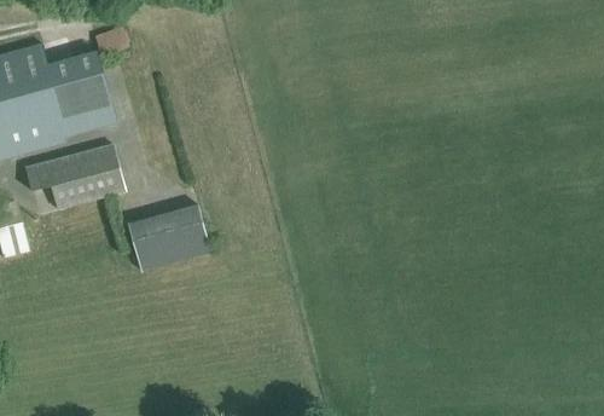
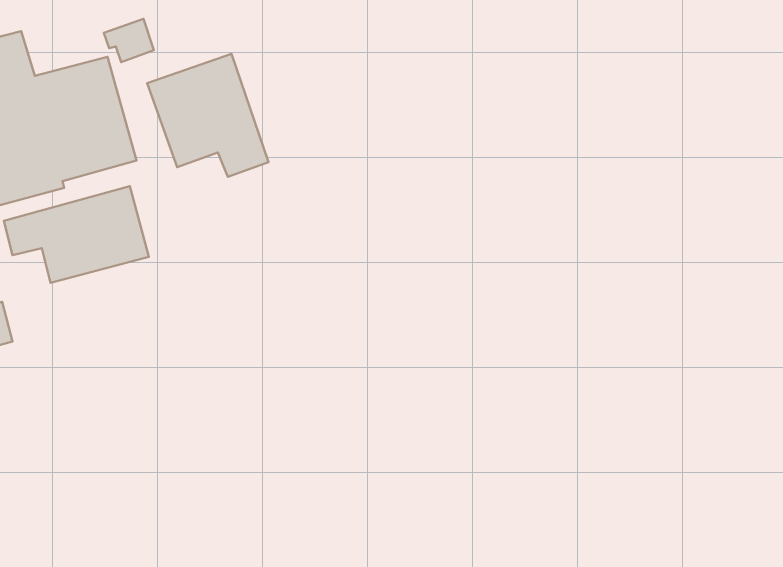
building: none -> [147,54,268,177]
building: [128,204,210,273] -> none

